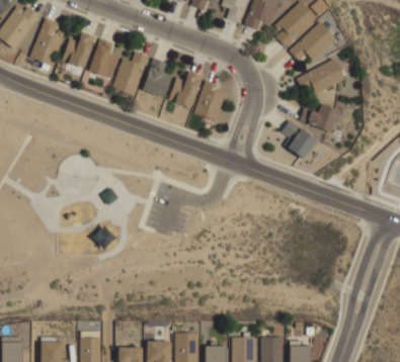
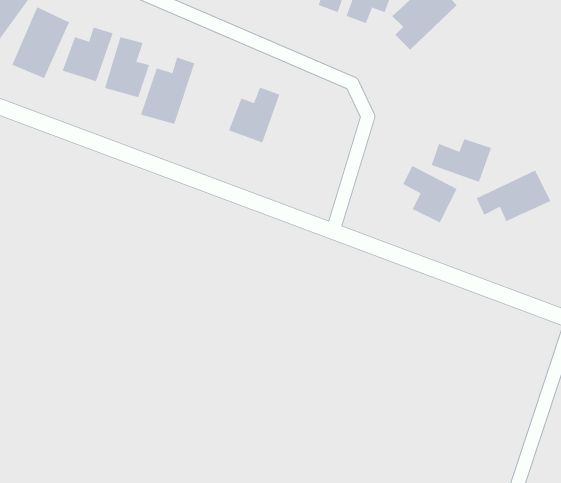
building: [289,21,335,61] -> none
building: [143,59,170,97] -> none
building: [296,60,344,93] -> [476,170,551,222]
building: [193,81,227,121] -> none

